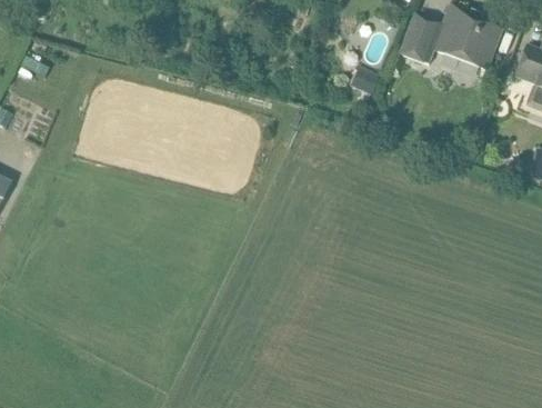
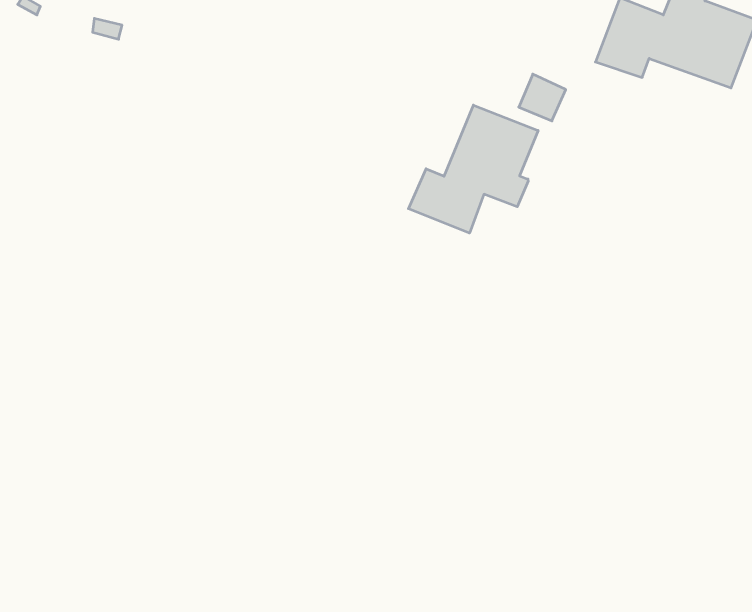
building: none -> [408,105,538,233]

